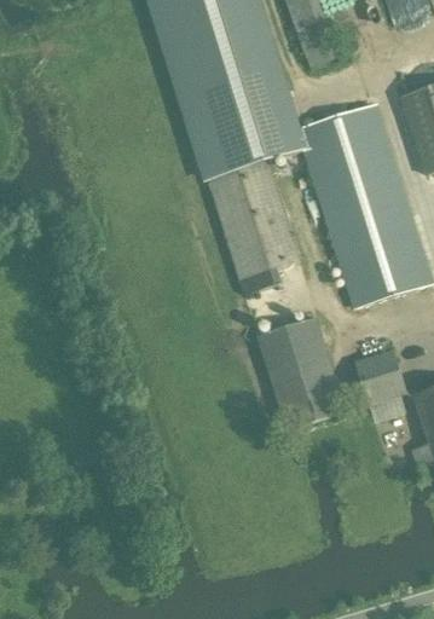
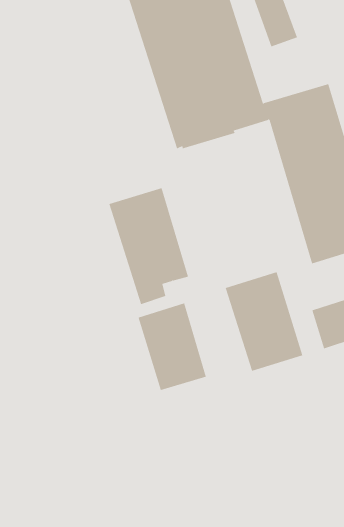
building: [209,160,300,291] -> [108,188,189,305]
building: none -> [138,303,206,391]

